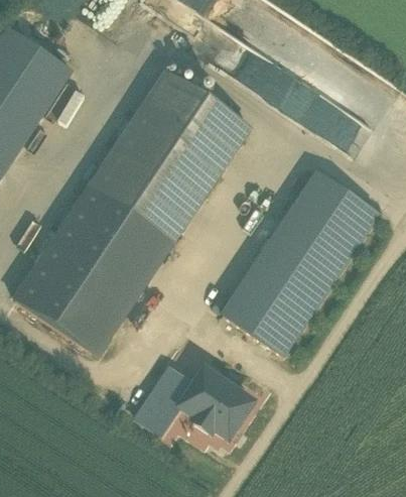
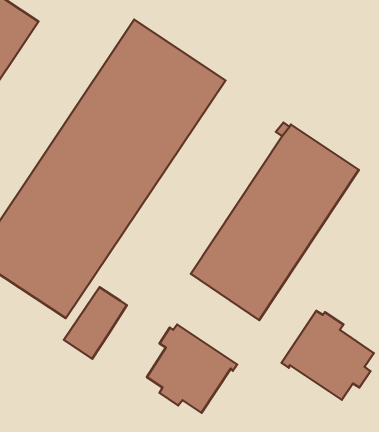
building: none -> [282,311,374,400]
building: [135,366,195,434] -> [64,287,127,359]

